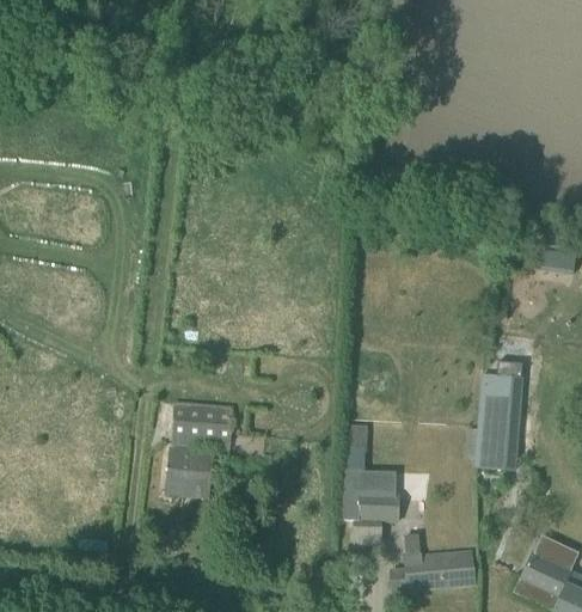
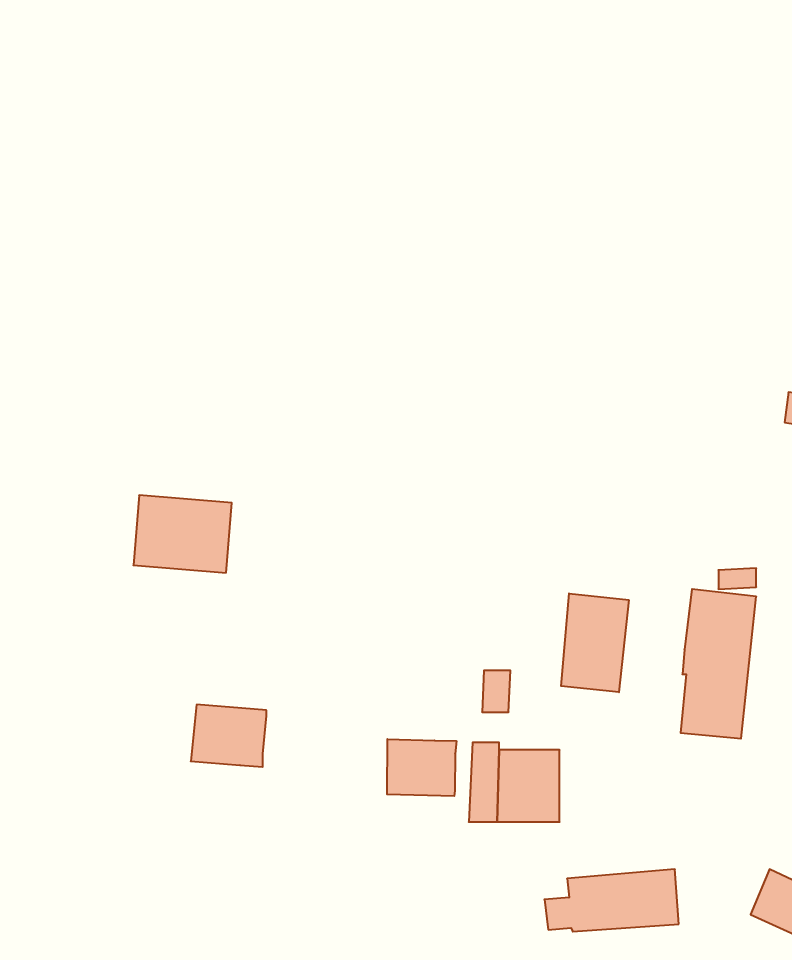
building: none -> [561,593,629,692]
building: [171,399,233,448] -> [133,495,232,573]
building: none -> [387,739,456,796]

